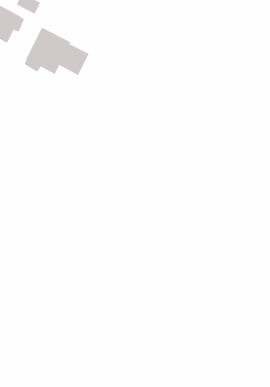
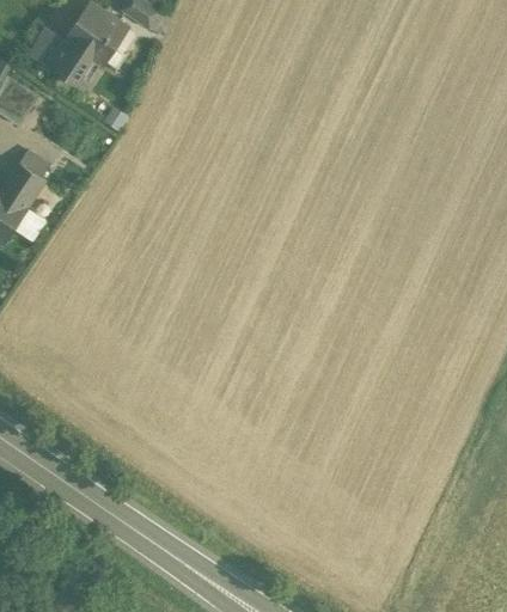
building: [24,27,89,76] -> none

